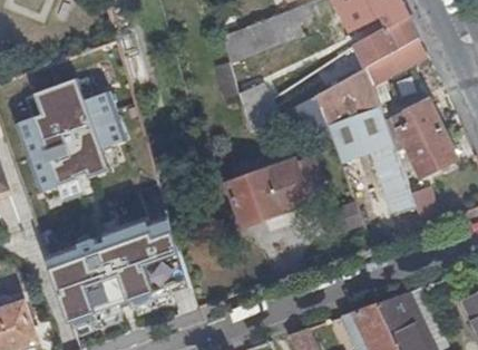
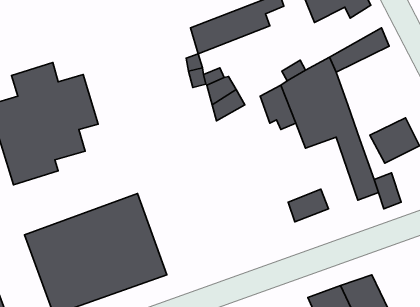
building: [353,14,417,68] -> none
building: [382,100,441,153] -> none
building: [227,158,324,226] -> none

